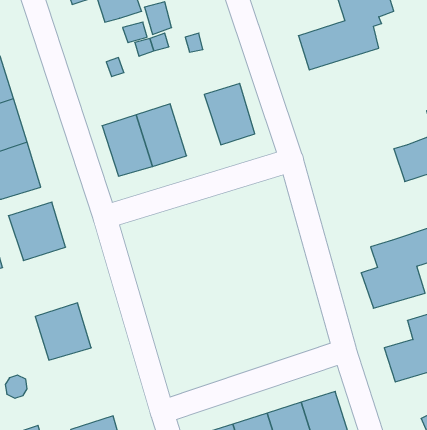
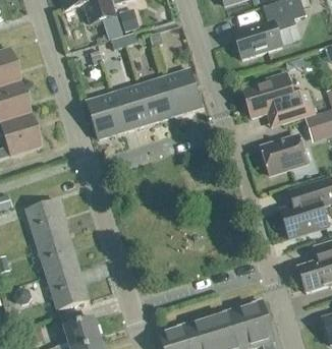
building: none -> [136,71,175,122]
building: none -> [242,71,314,126]
building: none -> [261,135,307,173]
building: [8,202,66,261] -> [25,198,68,242]
building: none -> [47,266,89,308]

